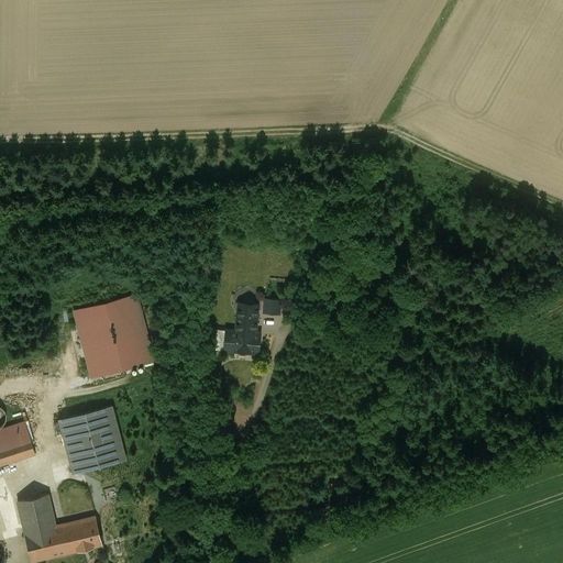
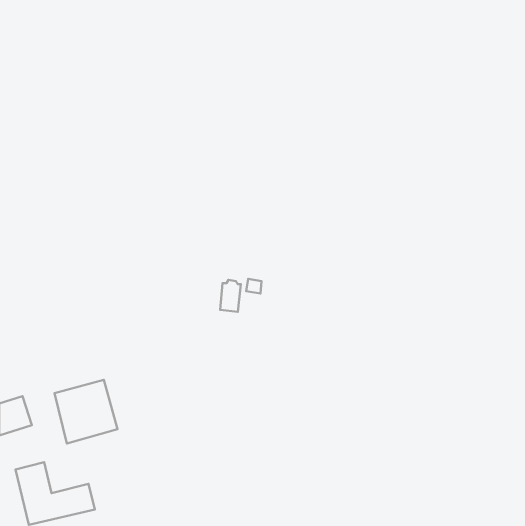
building: [74,295,153,376] -> none
building: [223,330,260,353] -> none

